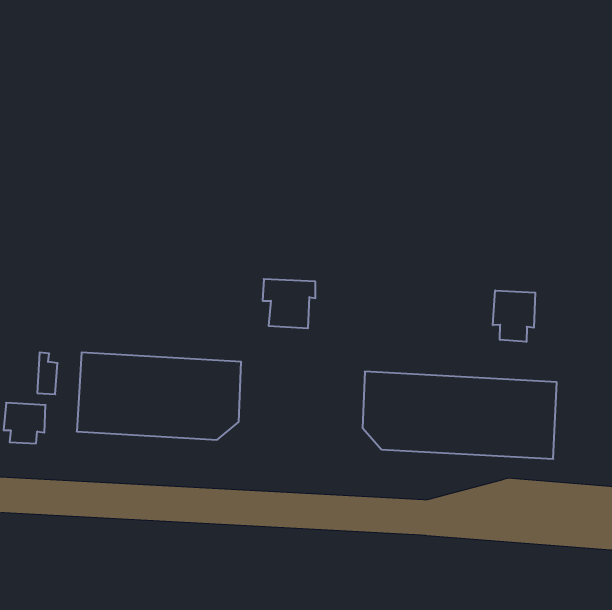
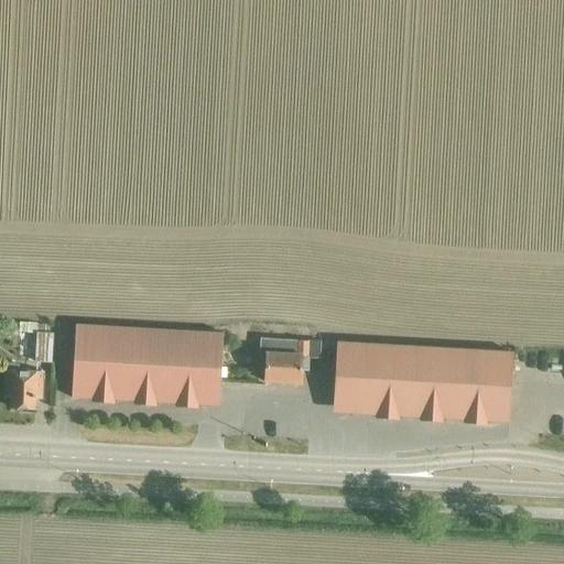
building: [263,279,315,328] -> [258,338,306,383]
building: [493,290,535,342] -> none

